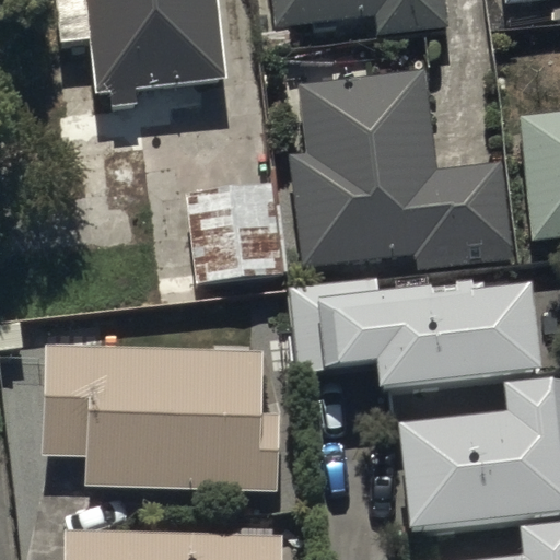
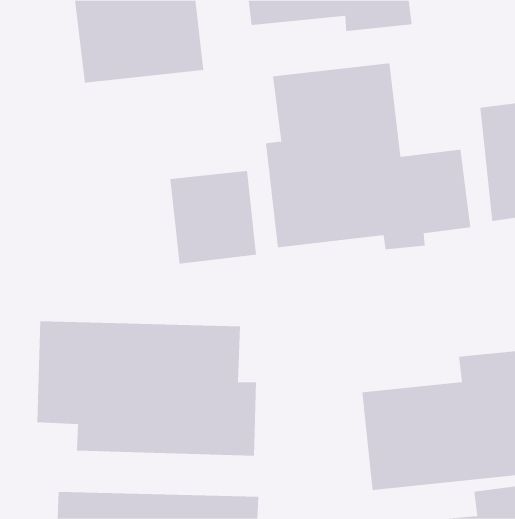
building: [289,277,535,385] -> none

